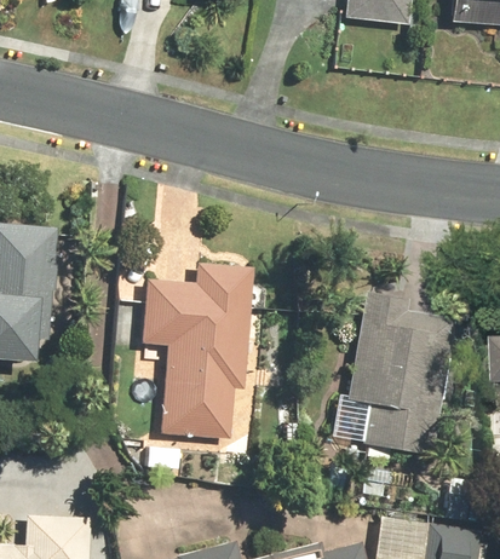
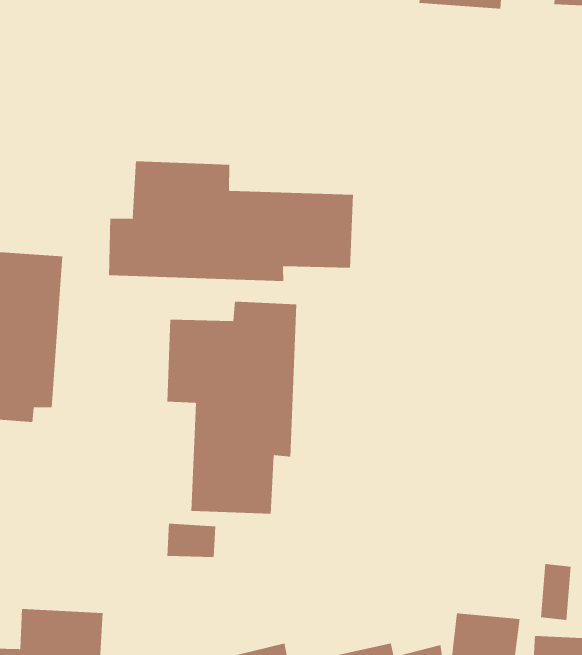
building: none -> [109,160,353,282]
building: [345,293,456,459] -> none

